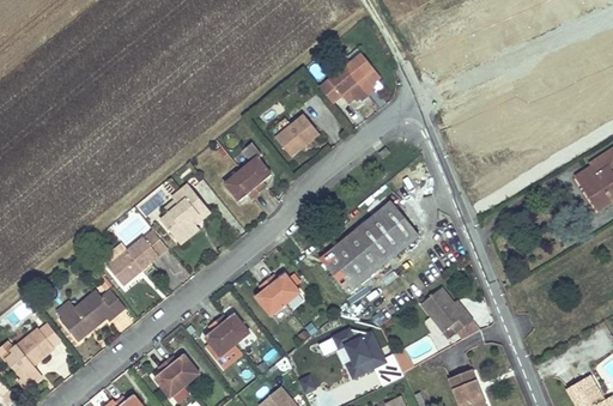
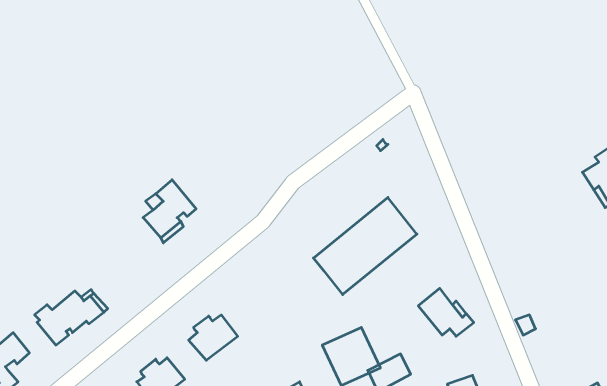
building: [329,54,380,103] -> none
building: [268,114,318,157] -> none
building: [223,141,271,200] -> none
building: [107,229,168,285] -> none
building: [254,272,299,316] -> none

